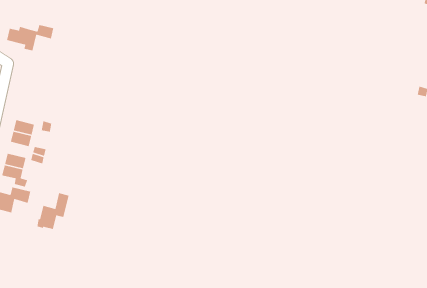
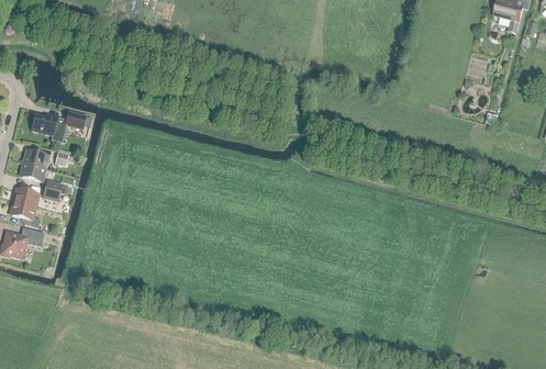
building: [6,24,54,52] -> [31,110,86,142]
building: [36,192,69,230] -> none

